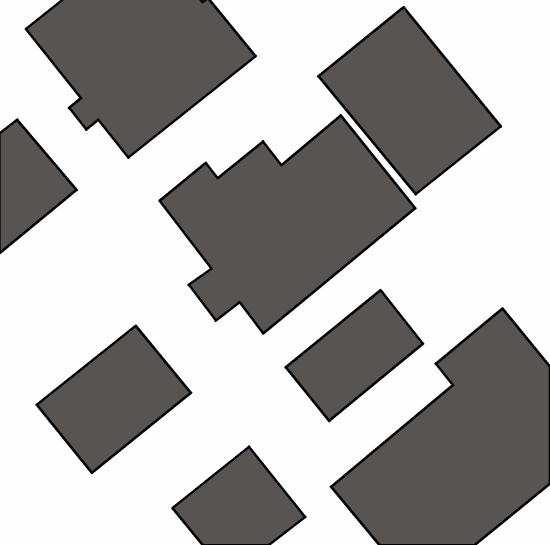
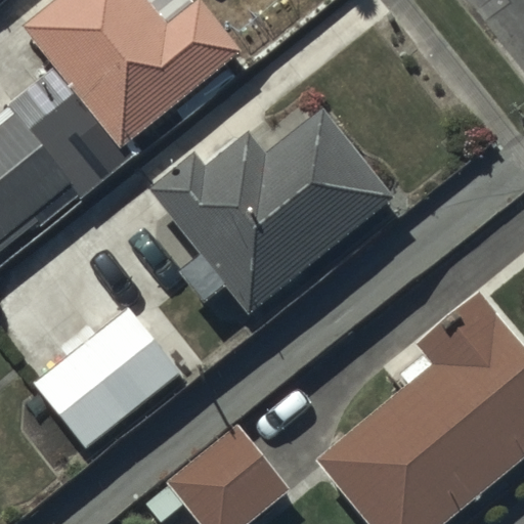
building: [318,7,501,194] -> none
building: [286,290,423,421] -> none

